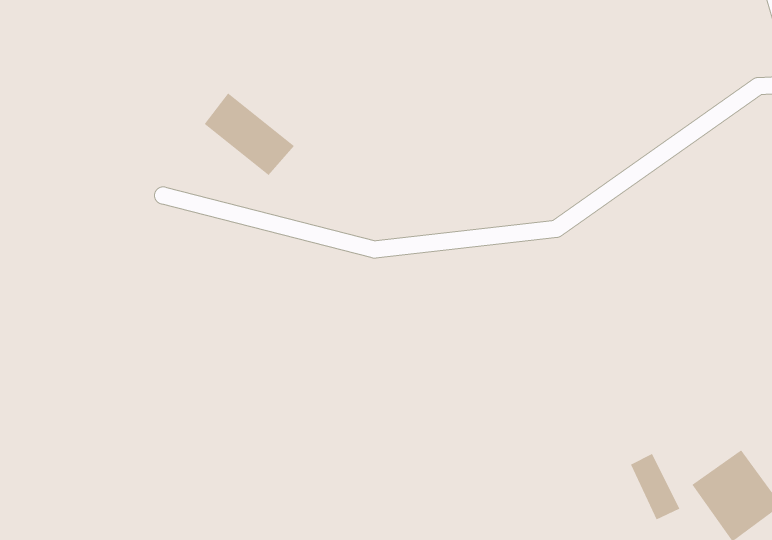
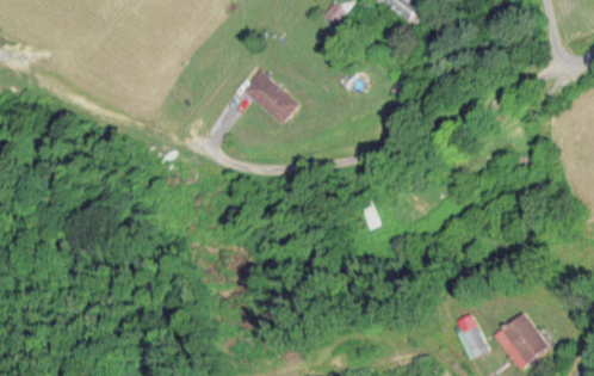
building: [204,92,295,176] -> [242,70,301,124]

